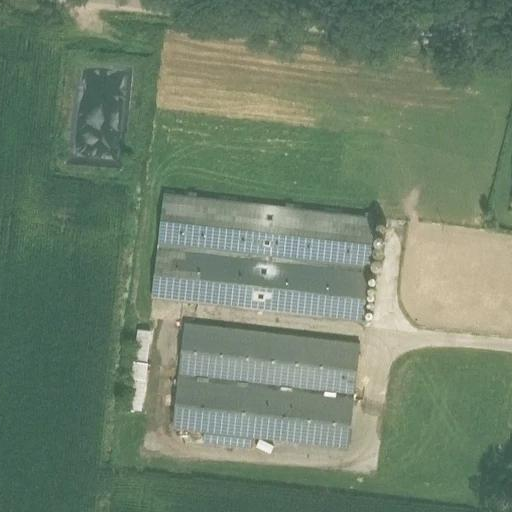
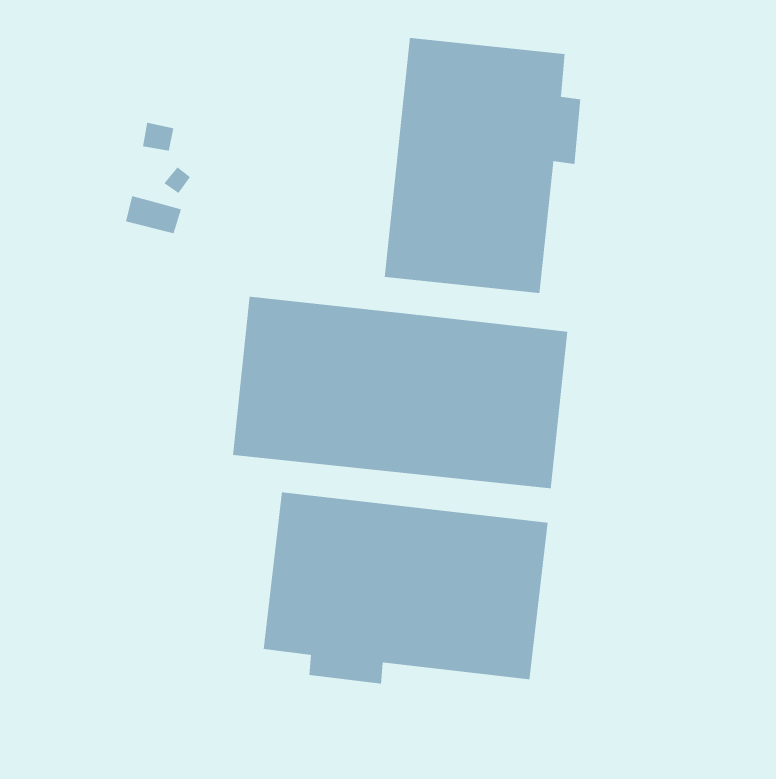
building: none -> [384,37,581,294]

